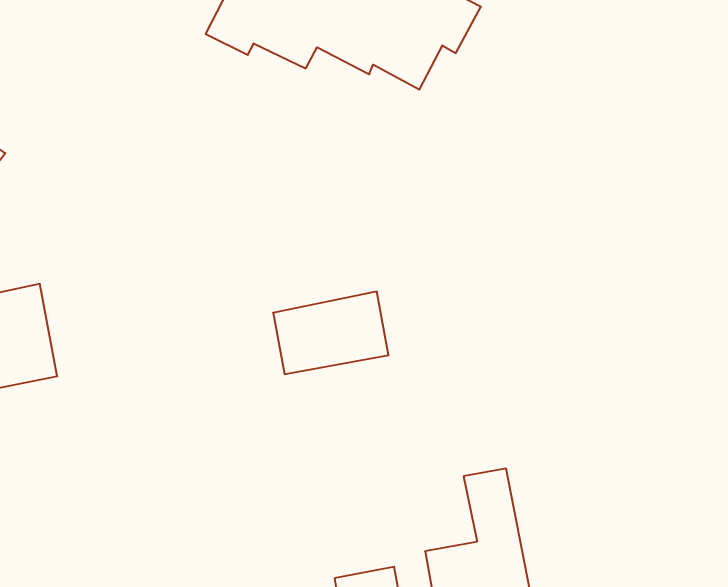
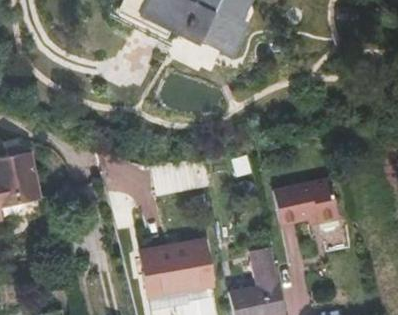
building: none -> [272,179,338,224]
building: none -> [140,240,211,296]

